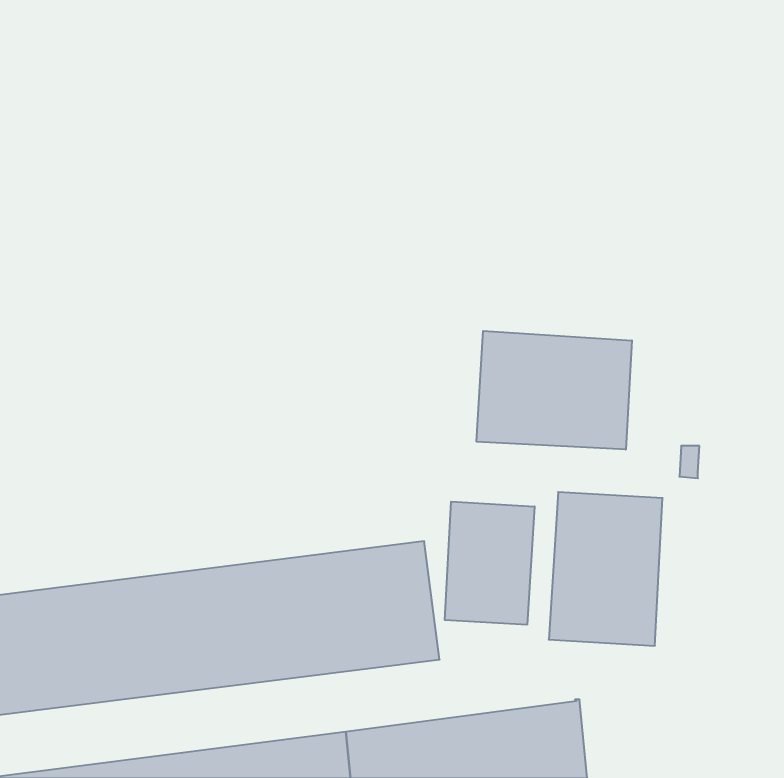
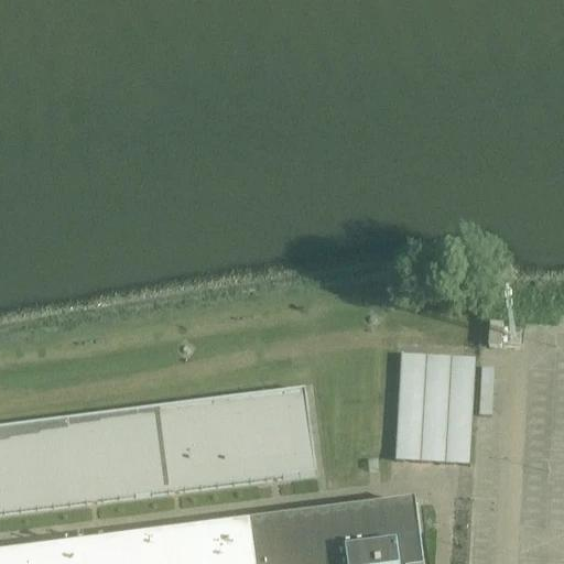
building: [477,331,632,450] -> none
building: [445,502,535,625] -> none

